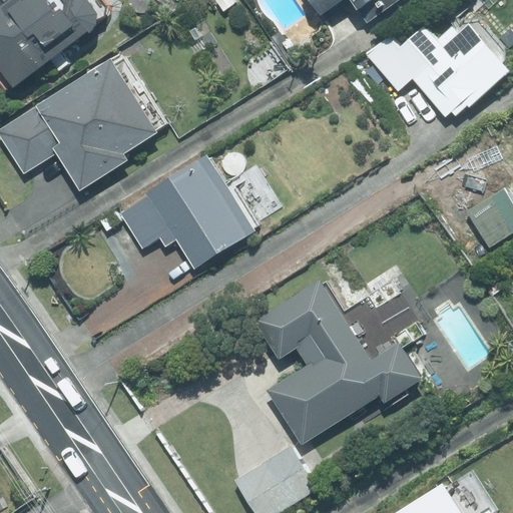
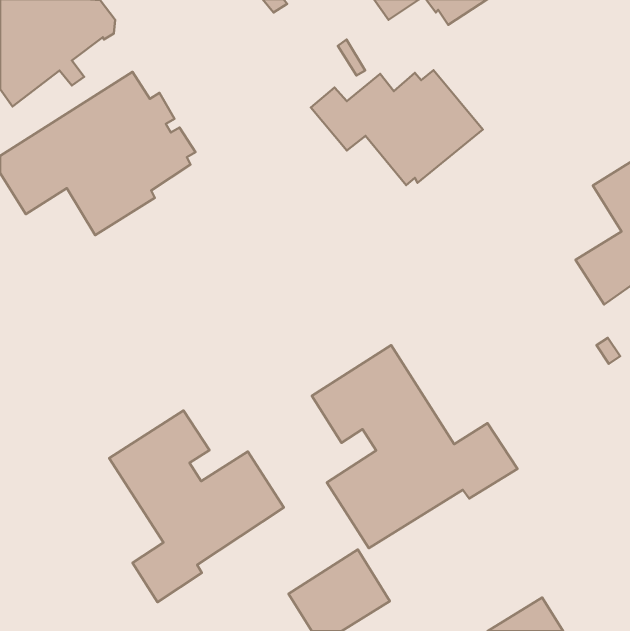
building: [368,24,507,117] -> [311,70,483,185]
building: [121,154,255,270] -> none
building: none -> [109,410,284,602]

